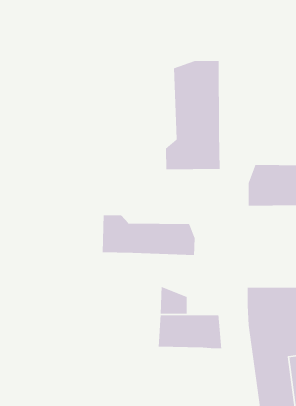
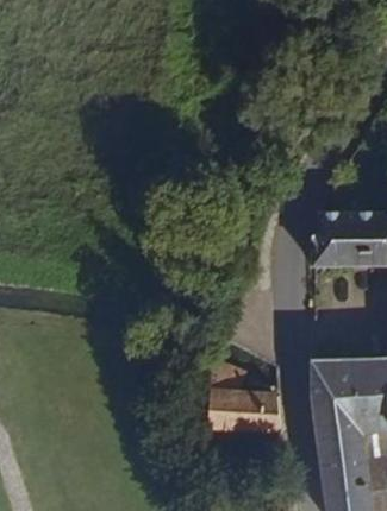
building: [165,60,221,170] -> none
building: [102,214,195,256] -> none

